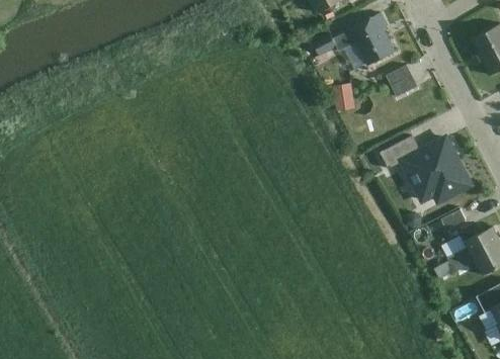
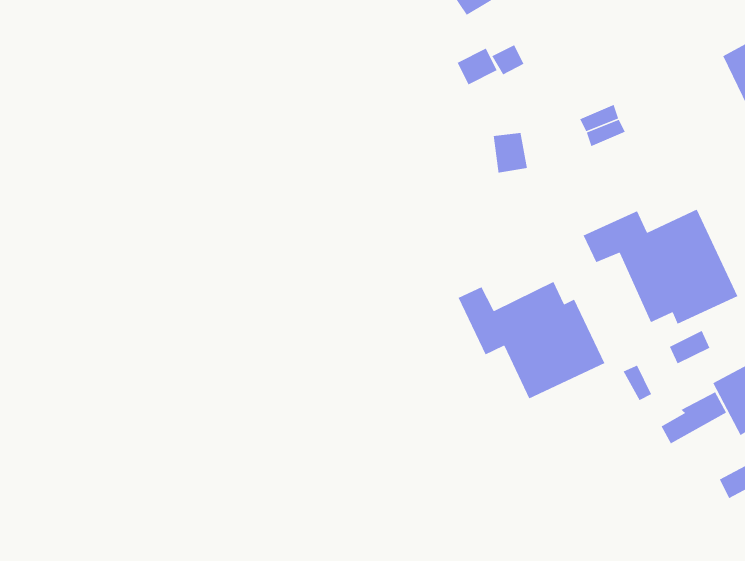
building: [348,17,397,70] -> none
building: none -> [457,281,605,399]

